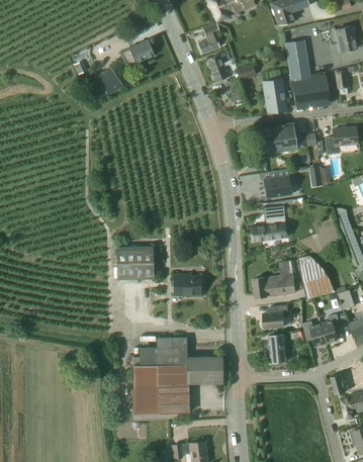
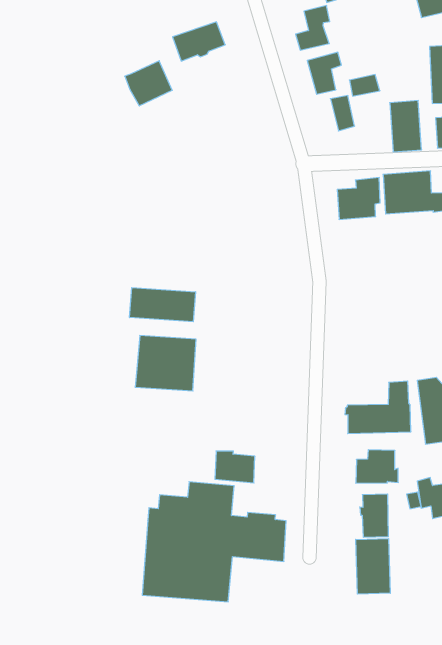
building: [264,169,292,198] -> [337,178,380,219]
building: [251,206,286,242] -> none
building: none -> [130,288,196,322]
building: [174,275,200,294] -> [215,451,255,483]
building: none -> [356,539,390,594]

